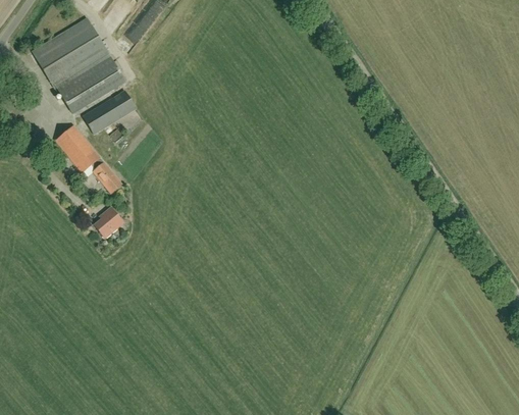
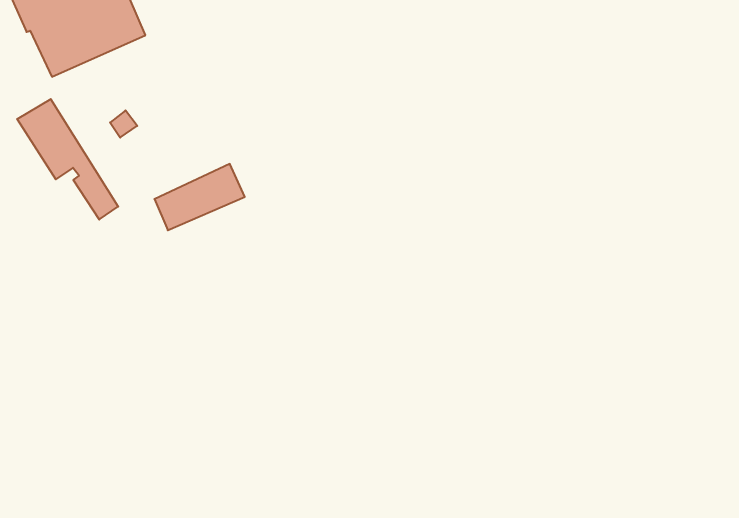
building: [83,90,136,134] -> [154,164,245,230]
building: [94,207,122,238] -> none

